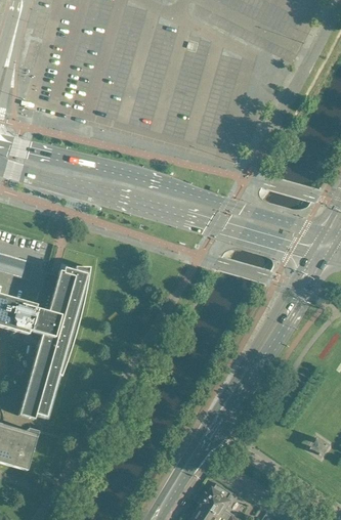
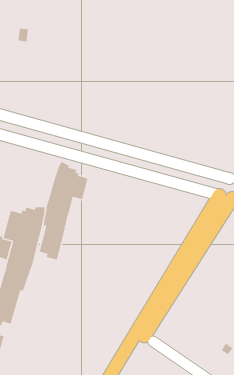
building: none -> [39,161,89,261]

